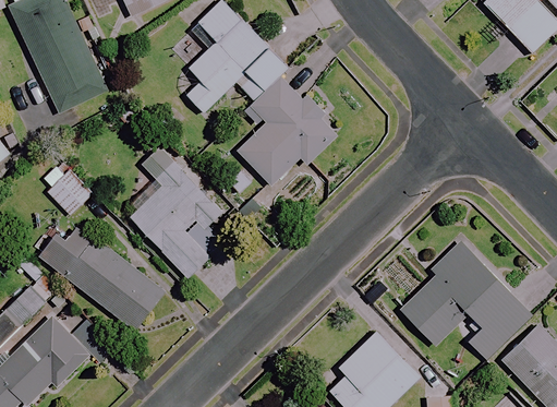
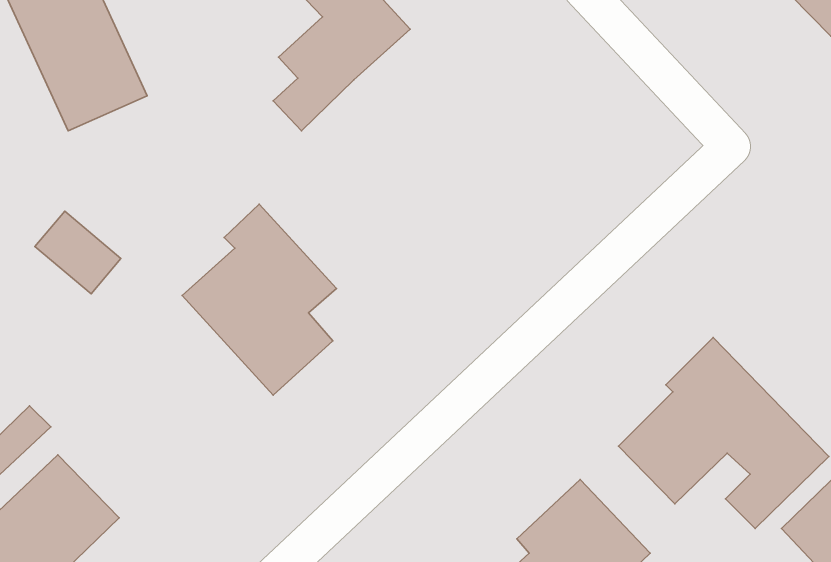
building: [225,49,337,194] -> none
building: [40,217,165,328] -> none

